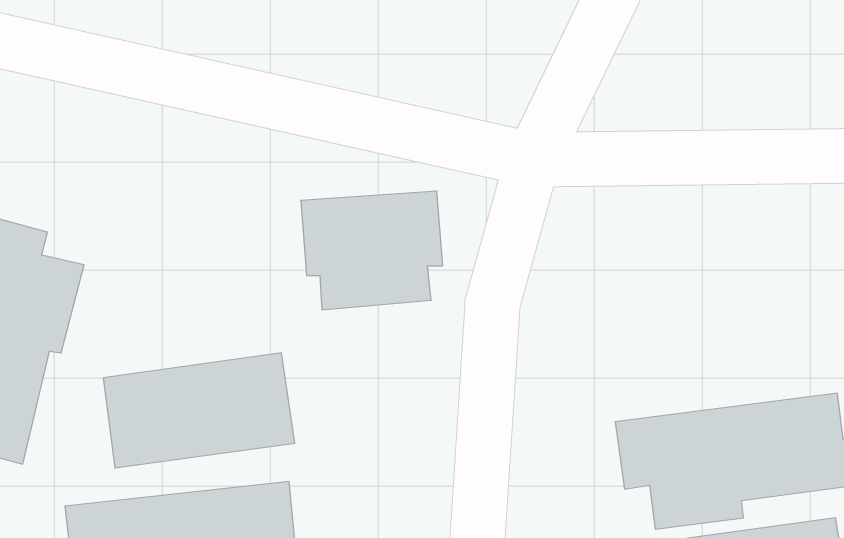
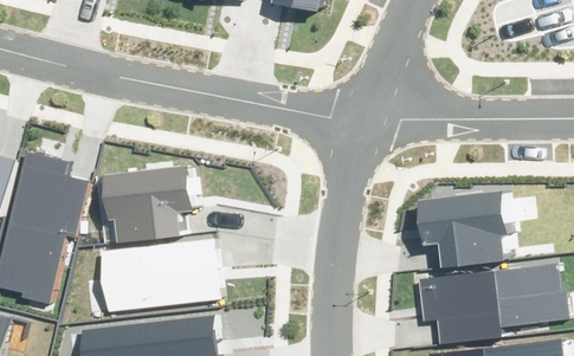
building: [301,191,443,310] -> [101,166,188,239]
building: none -> [421,194,509,267]

